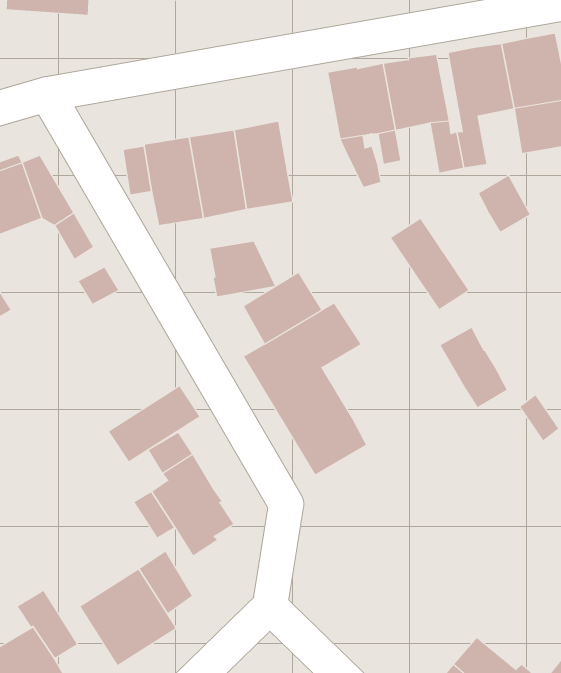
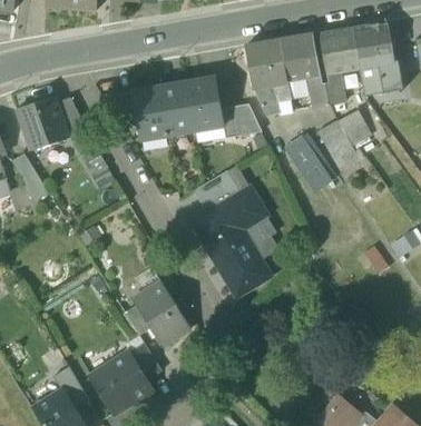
building: [209,241,276,297] -> [221,103,262,138]
building: [439,327,508,408] -> [317,120,360,170]
building: none -> [242,214,278,259]
building: [108,386,200,462] -> none

